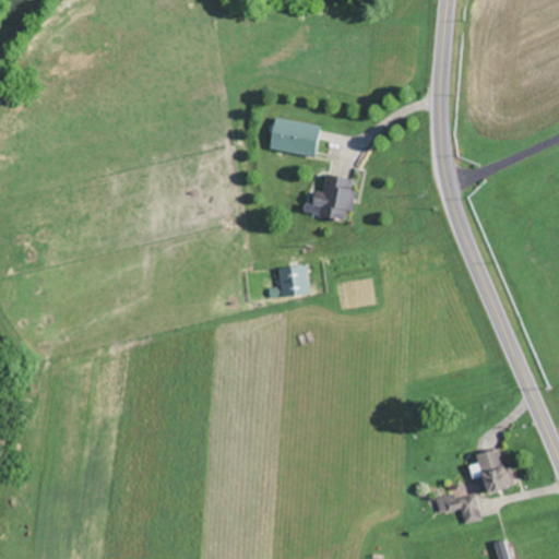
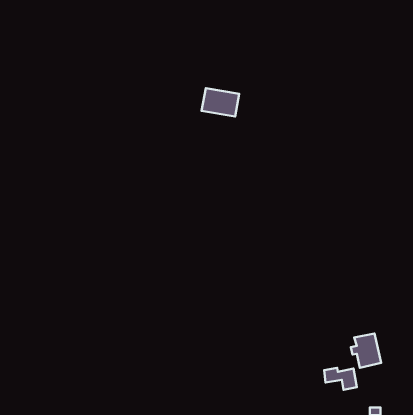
building: [310,175,355,219] -> none
building: [277,264,308,296] -> none

